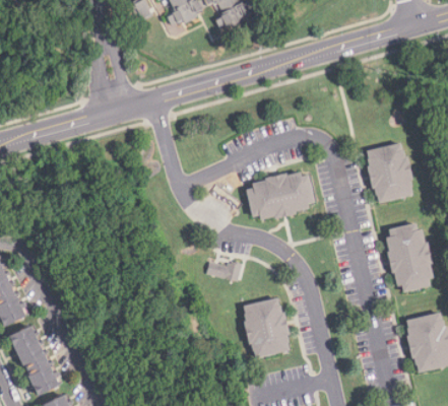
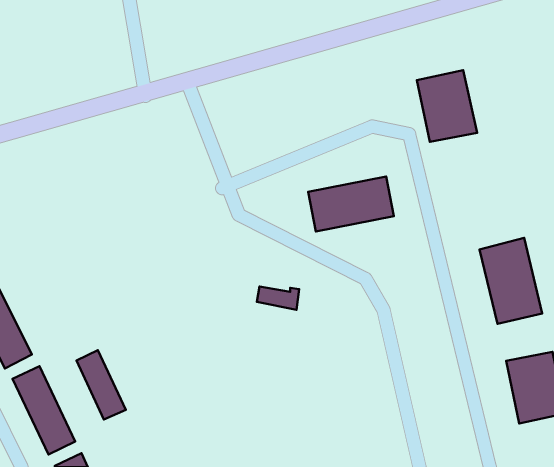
building: [364,144,411,201] -> [417,70,477,142]
building: [242,297,287,357] -> none
building: none -> [76,350,126,420]

